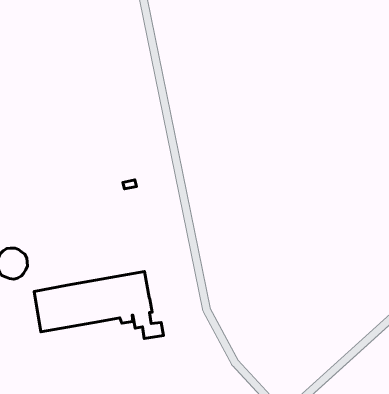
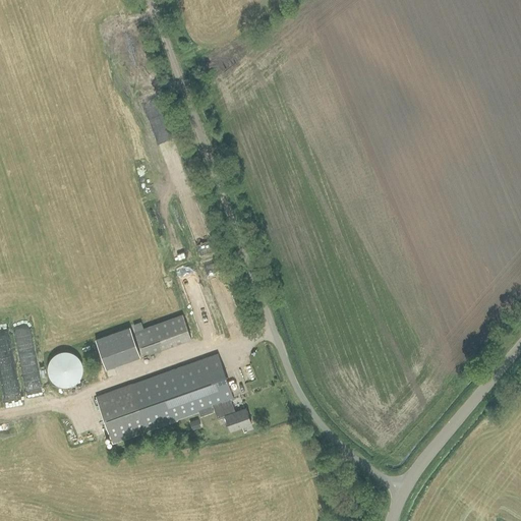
building: none -> [101,313,196,365]

